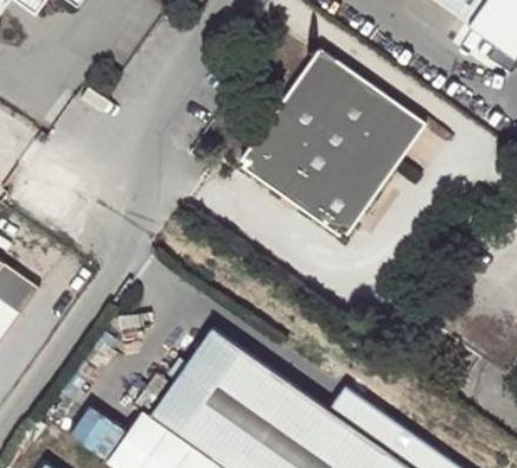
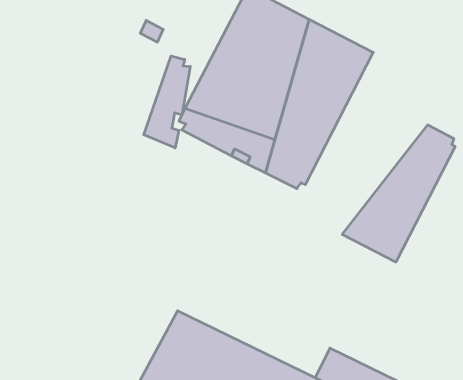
building: none -> [144,56,190,148]
building: none -> [342,125,455,262]

